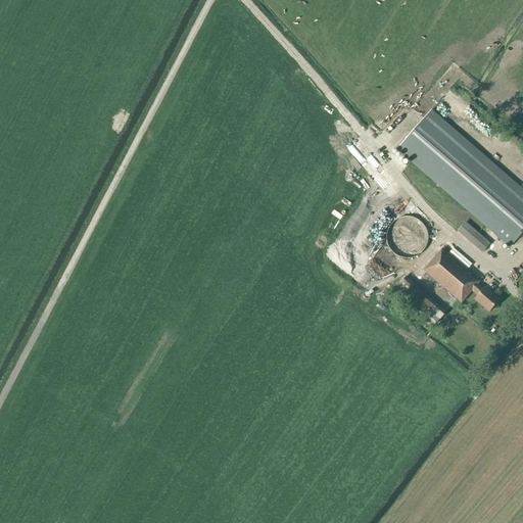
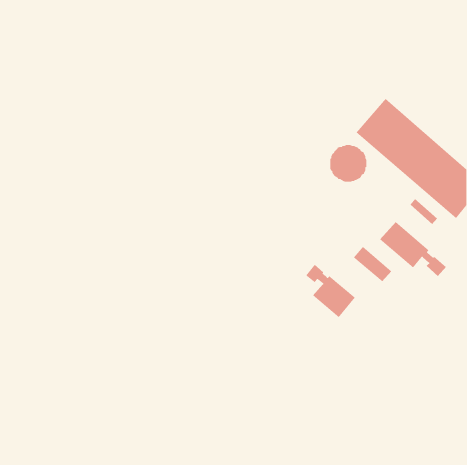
building: [386,215,428,257] -> [330,144,367,183]
building: none -> [305,264,356,318]

